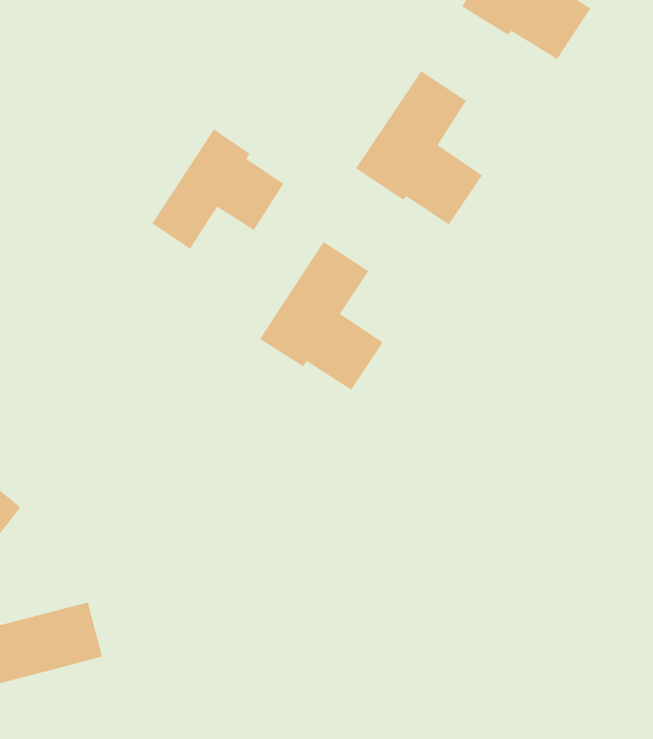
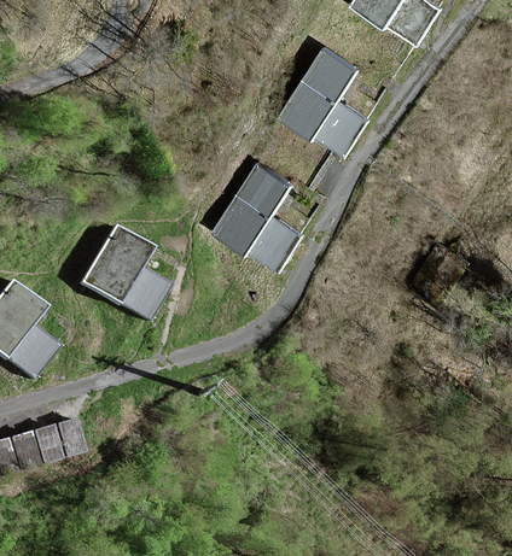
building: [151,129,284,249] -> none
building: none -> [80,229,164,317]

